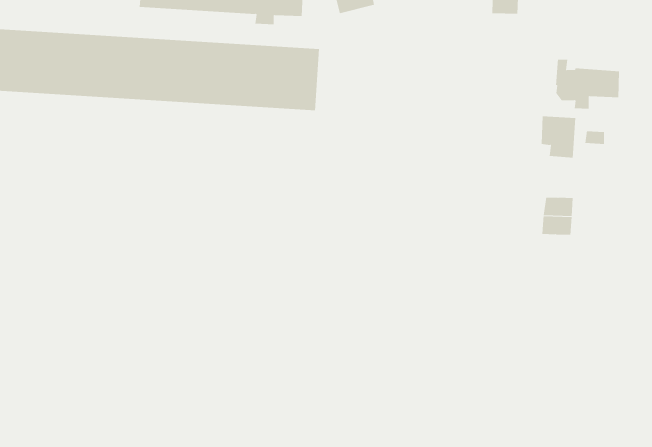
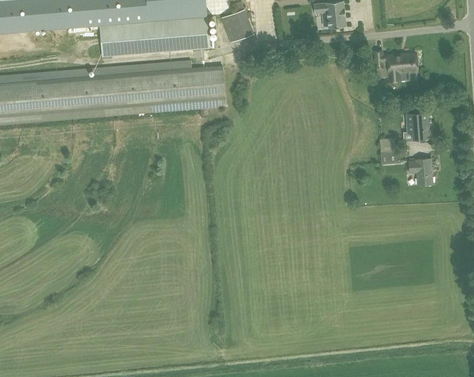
building: [541,116,576,158] -> [405,110,429,137]
building: none -> [408,156,432,183]

